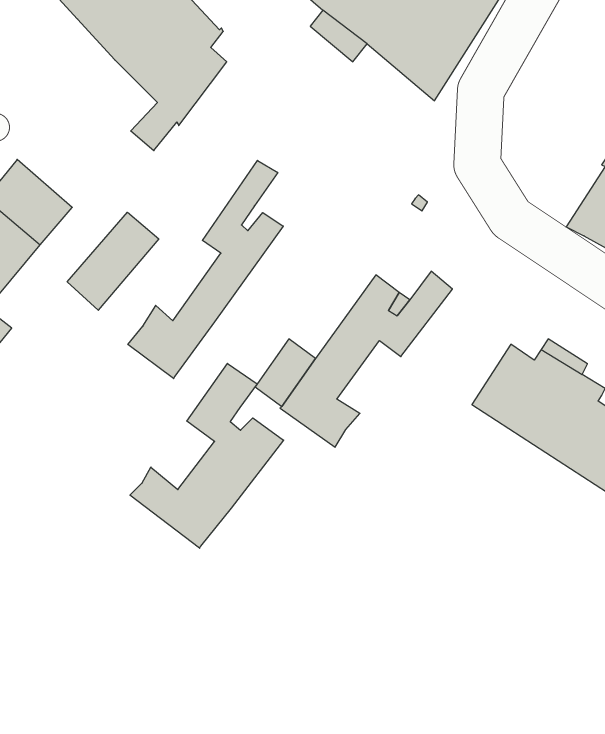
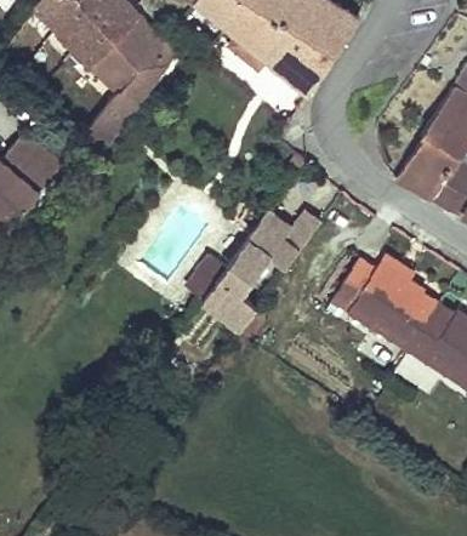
building: [128,160,283,379] -> none
building: [67,212,159,310] -> none
building: [130,363,284,548] -> none

